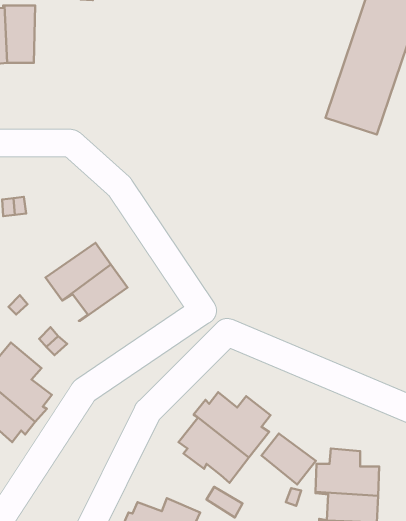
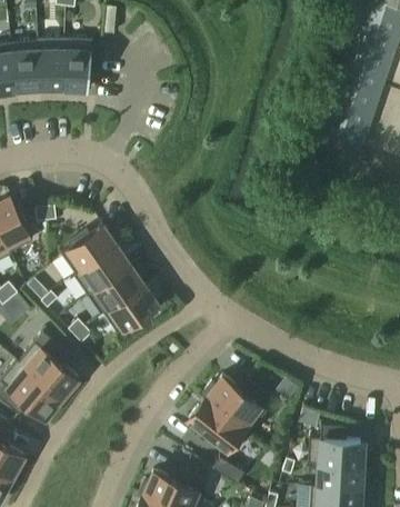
building: none -> [63,39,92,92]
building: none -> [61,226,117,276]
building: none -> [103,285,159,335]
building: [262,433,316,484] -> none

